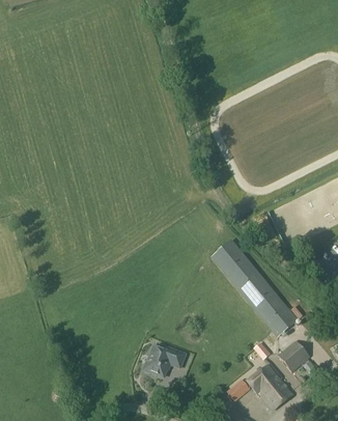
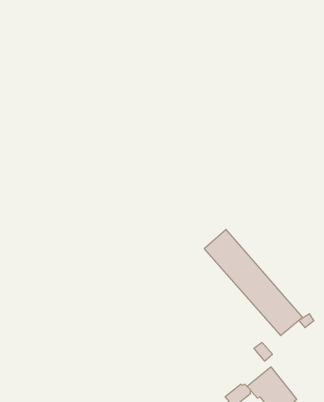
building: [279,340,311,371] -> none
building: [144,342,186,375] -> none

